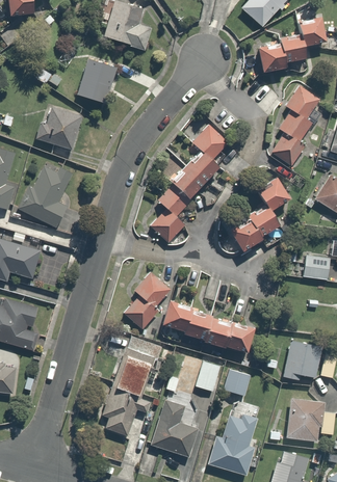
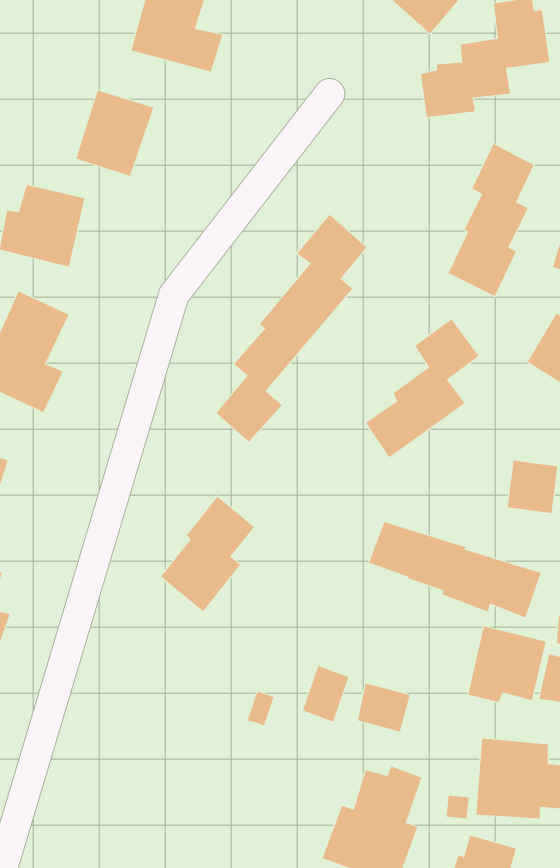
building: [162,302,254,353] -> [368,521,542,618]
building: [101,337,172,440] -> none
building: [151,395,201,458] -> none

